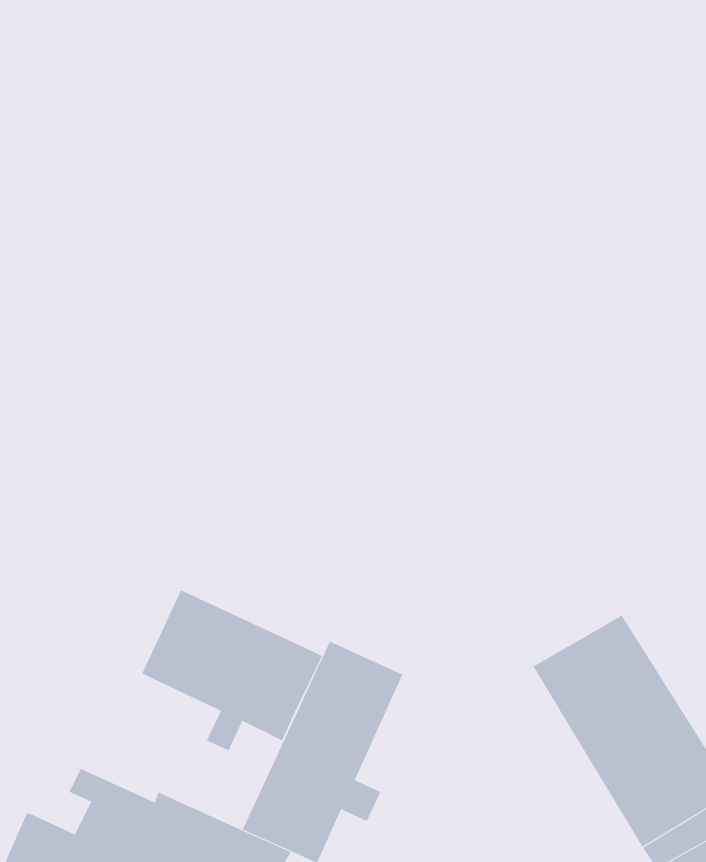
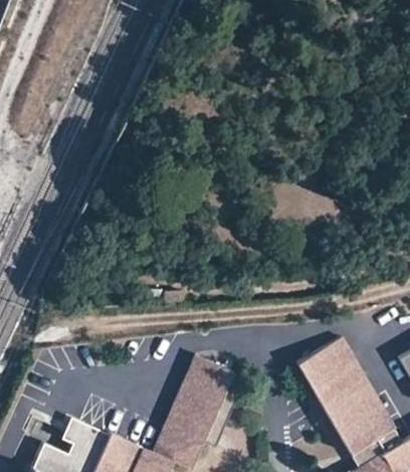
building: [142,590,323,751] -> none

